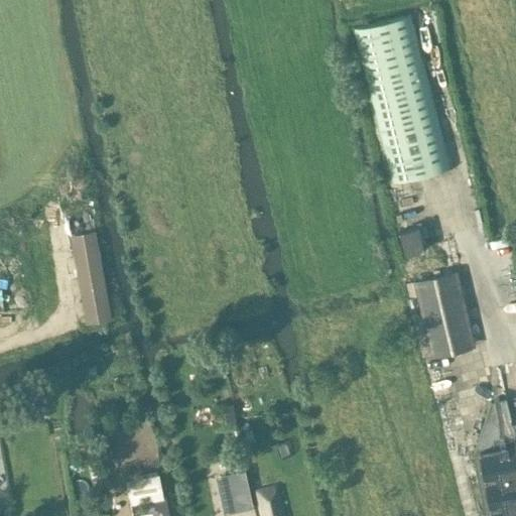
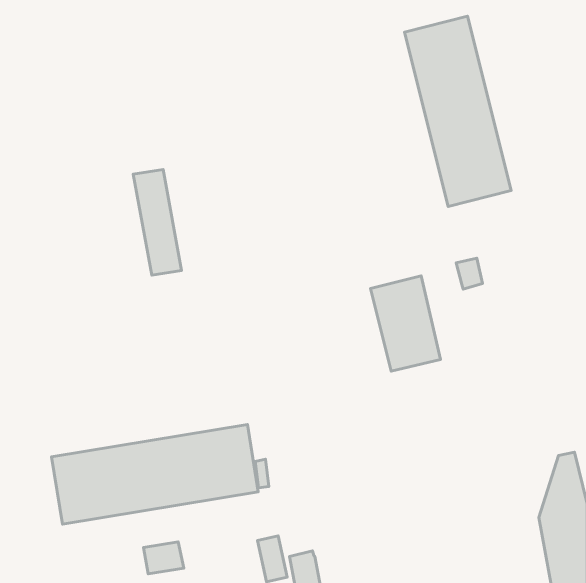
building: [71,234,113,327] -> [133,170,182,275]
building: [414,276,476,360] -> [370,276,441,371]
building: none -> [52,424,258,524]

